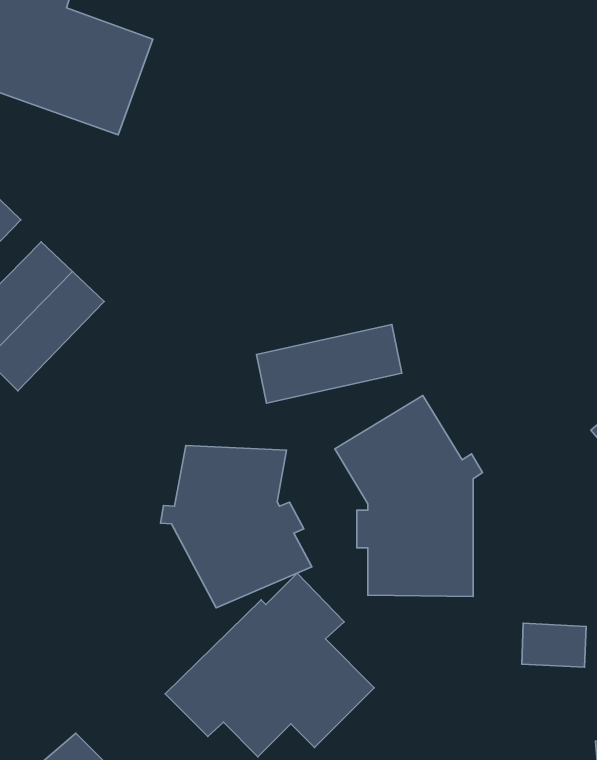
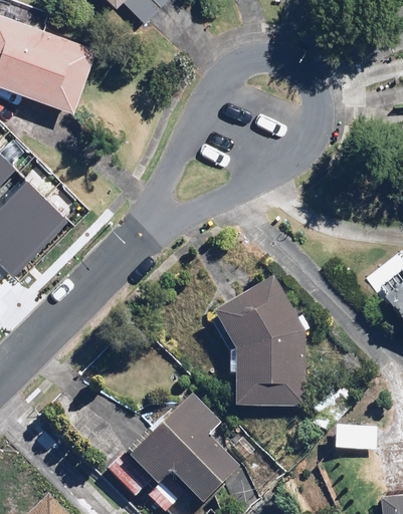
building: [256,324,402,403] -> none
building: [161,445,312,608] -> none

